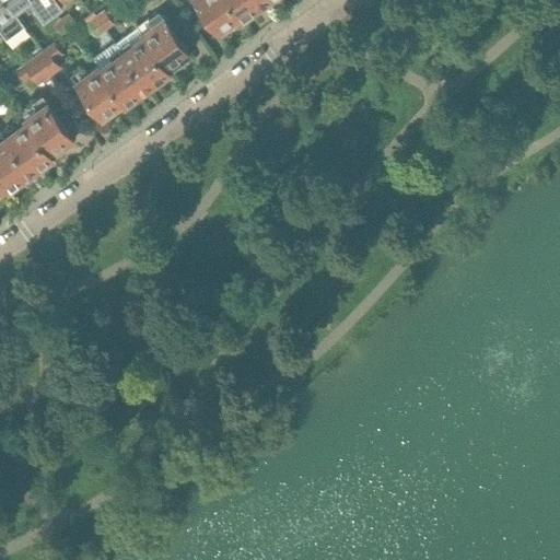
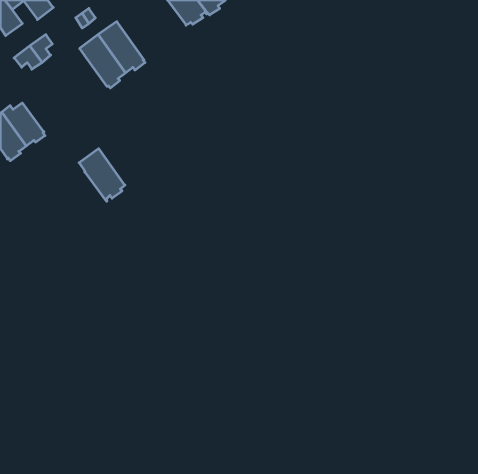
building: [137,13,189,74] -> none
building: [70,69,125,119] -> none
building: [20,97,73,159] -> [79,149,125,201]

